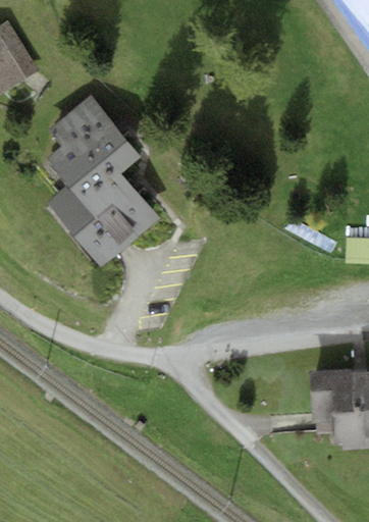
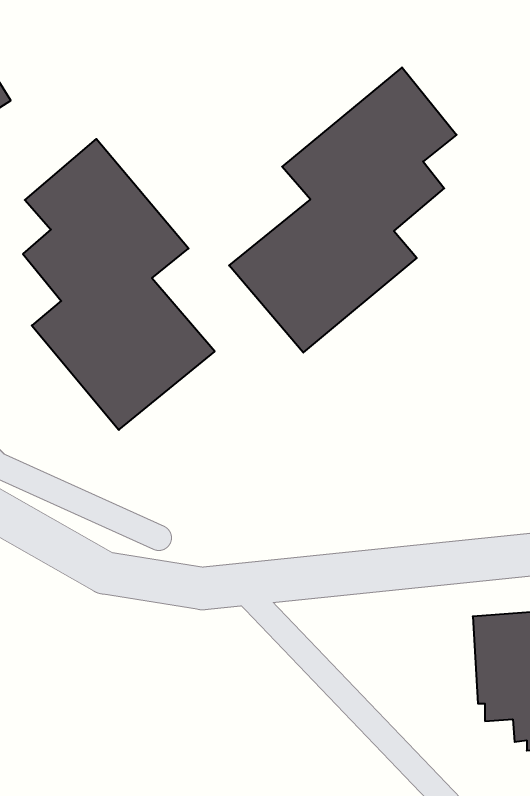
building: none -> [229,67,457,353]

